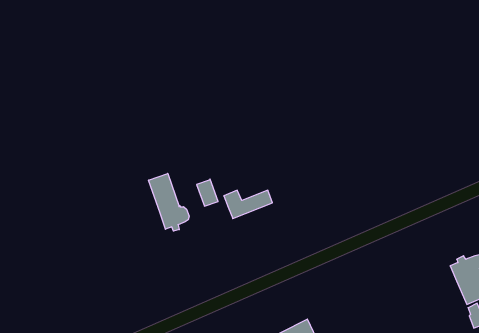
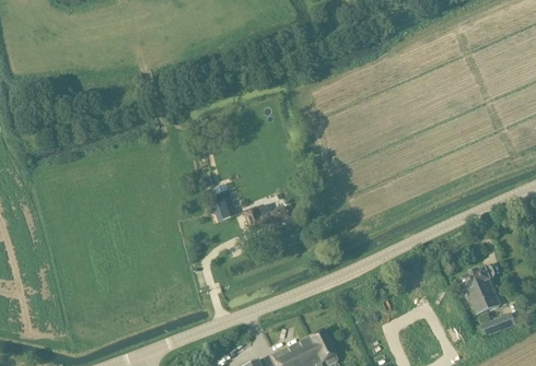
building: [149,173,189,231] -> none

